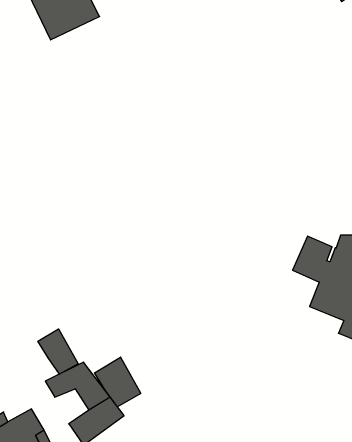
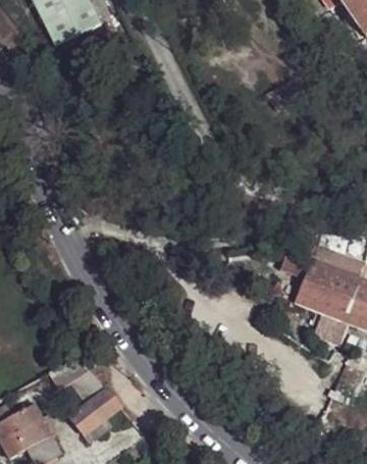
building: [38,329,78,374] -> none
building: [94,357,141,407] -> none

